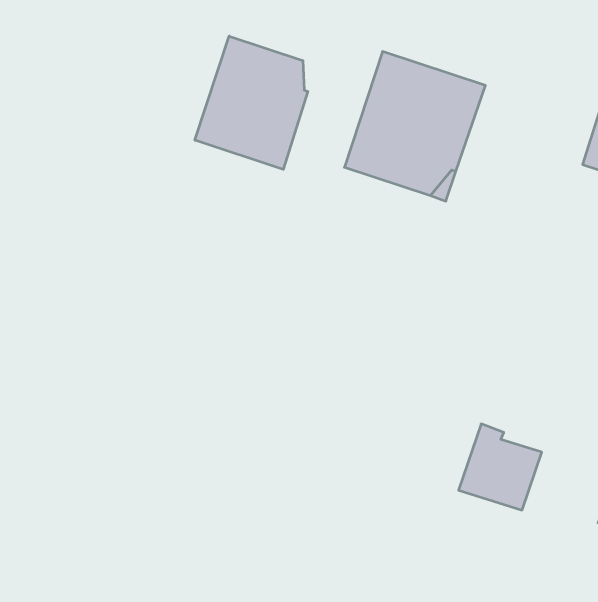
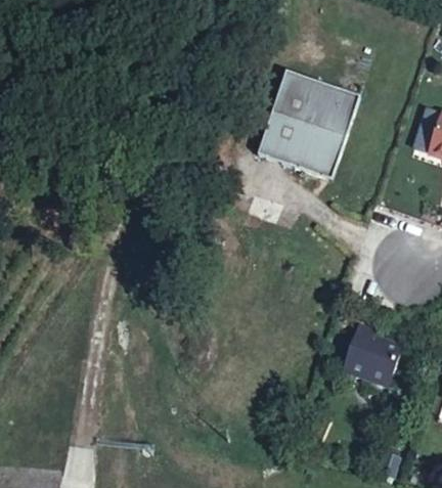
building: [195,36,308,169] -> none

